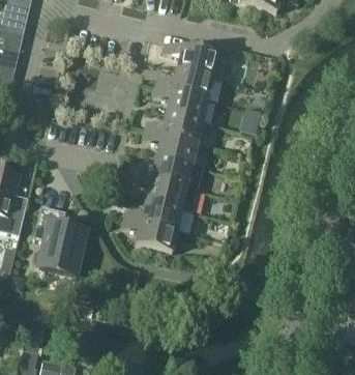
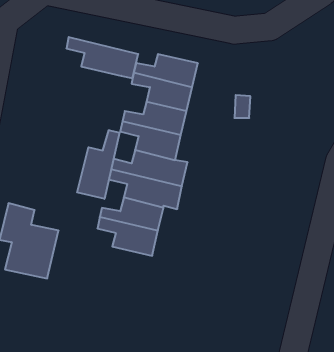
building: [164,41,229,79] -> [66,37,138,78]
building: none -> [77,130,119,199]

